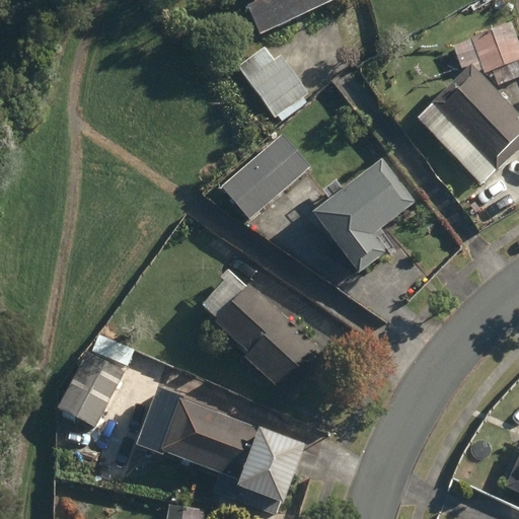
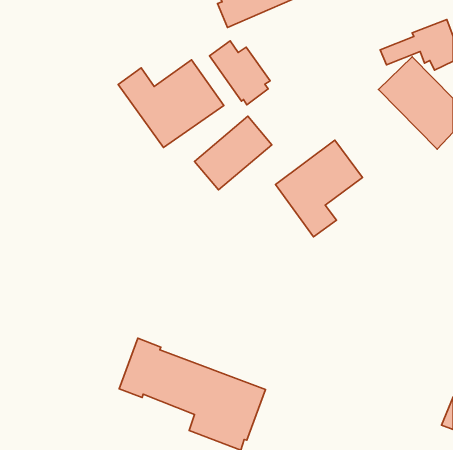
building: none -> [118,60,224,148]
building: [200,270,325,395] -> none
building: [56,350,124,426] -> none

